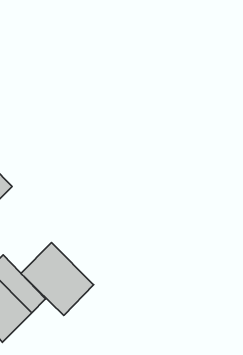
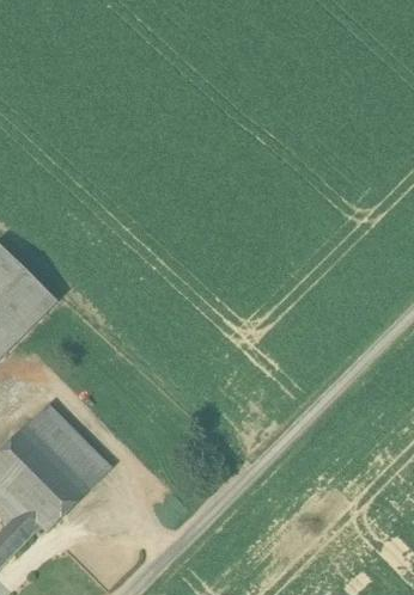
building: [21,243,94,315] -> none

